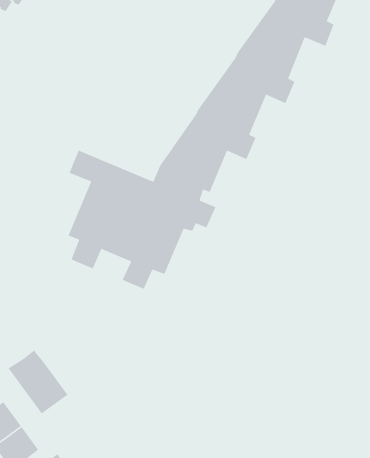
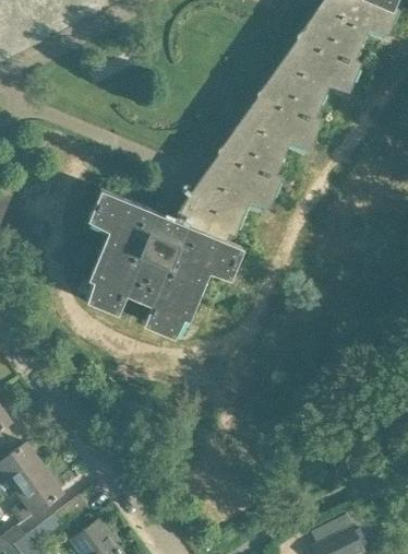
building: [7,350,69,415] -> none

